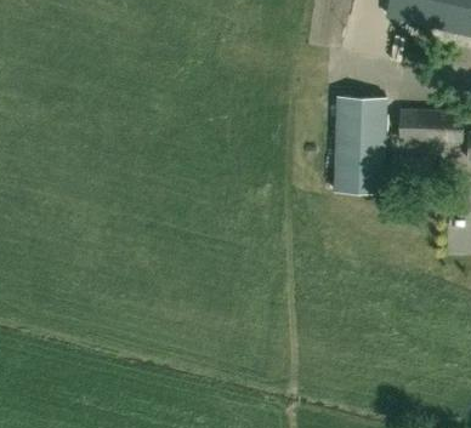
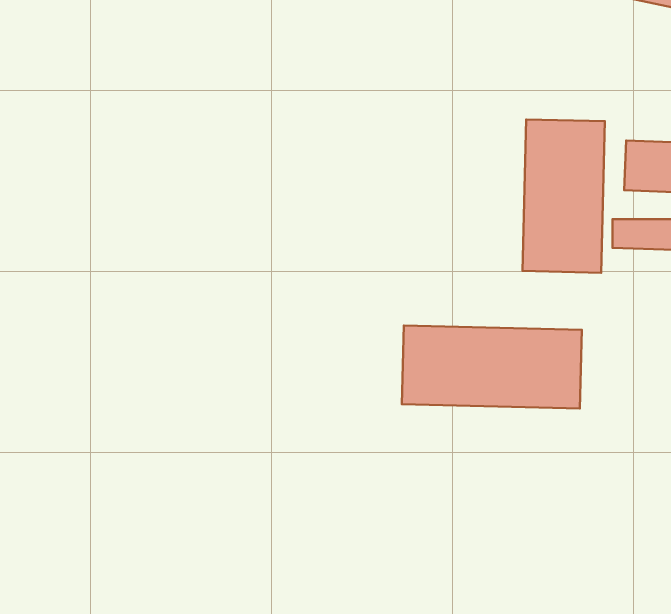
building: none -> [402,325,582,409]

